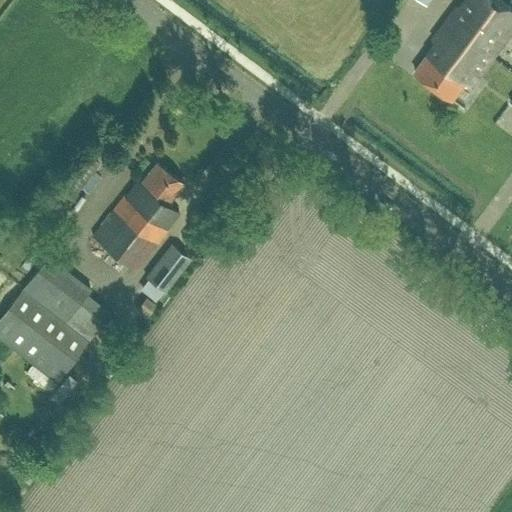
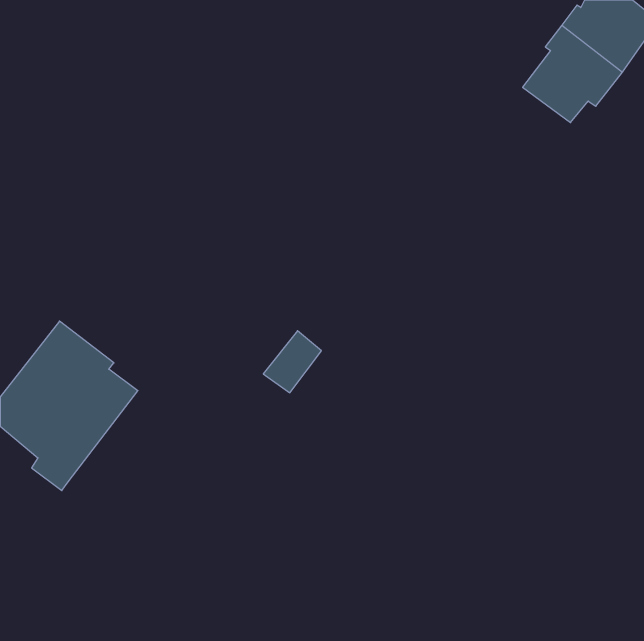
building: [88,161,179,270] -> none
building: [145,246,191,295] -> [263,331,321,393]

